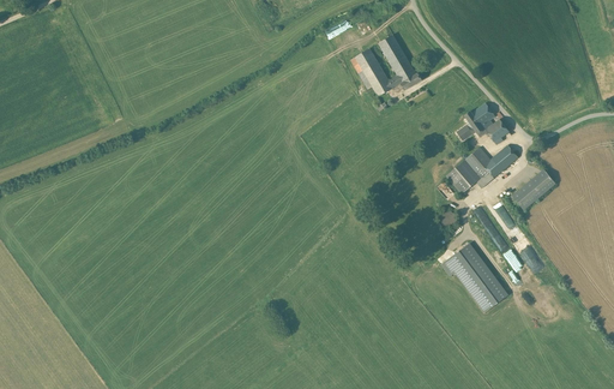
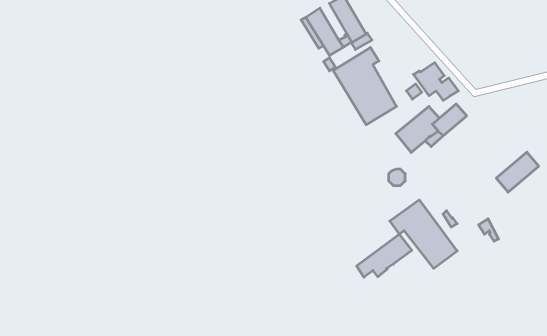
building: none -> [333,47,397,125]
building: [512,168,555,209] -> [496,152,539,192]
building: none -> [357,234,412,277]

